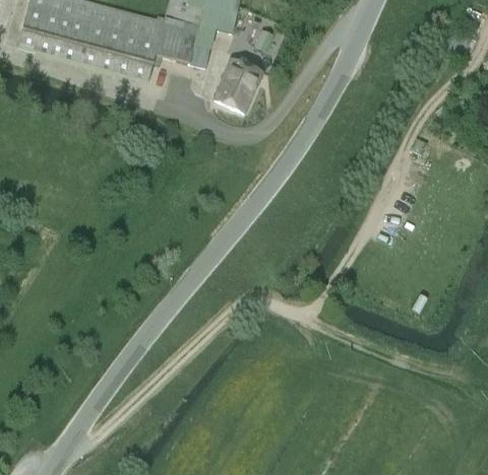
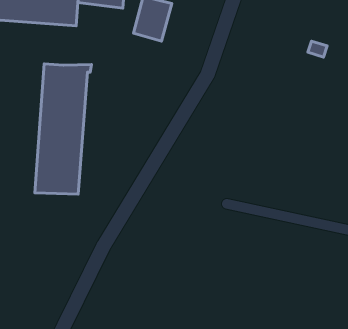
building: none -> [35,64,91,194]

